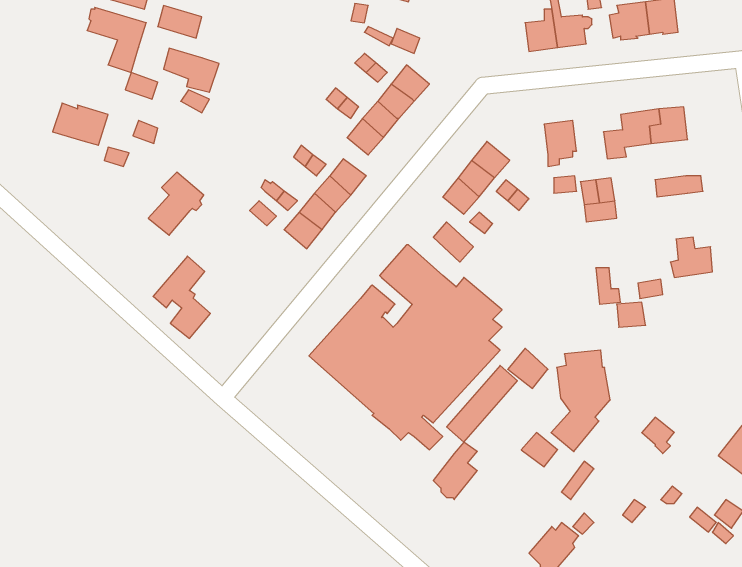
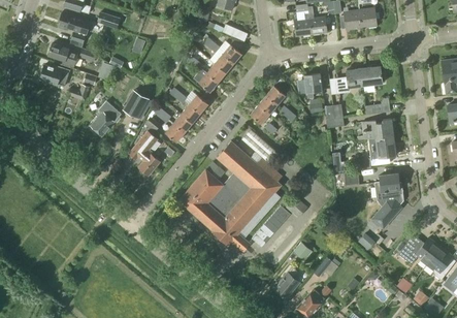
building: [164,48,219,92] -> [48,43,78,67]
building: none -> [122,90,149,119]
building: none -> [363,118,394,142]
building: [153,256,210,338] -> [129,131,160,176]
building: [551,350,610,452] -> [371,173,403,228]
building: [433,442,477,500] -> [275,266,299,297]

